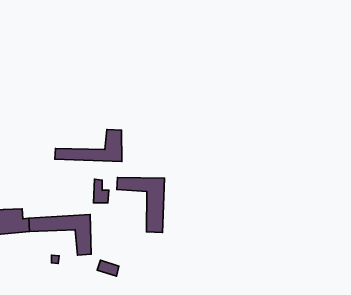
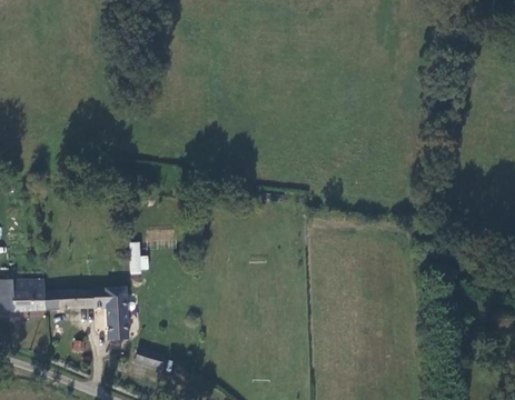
building: [55,130,122,162] -> none
building: [117,178,165,232] -> none

